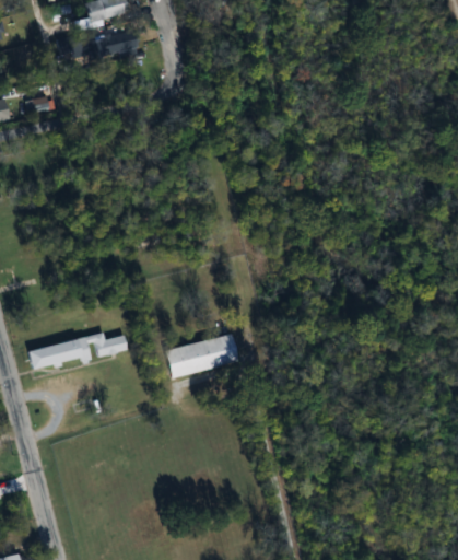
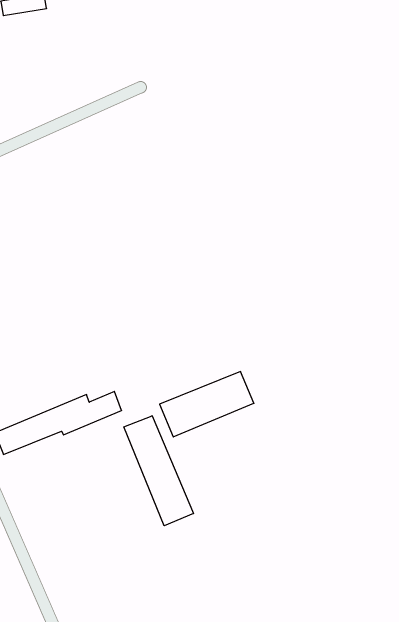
building: [94,28,142,57] -> none
building: none -> [124,416,193,526]

